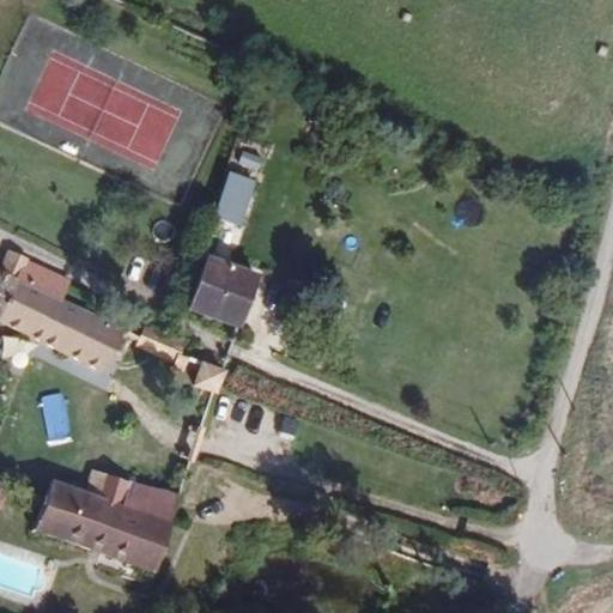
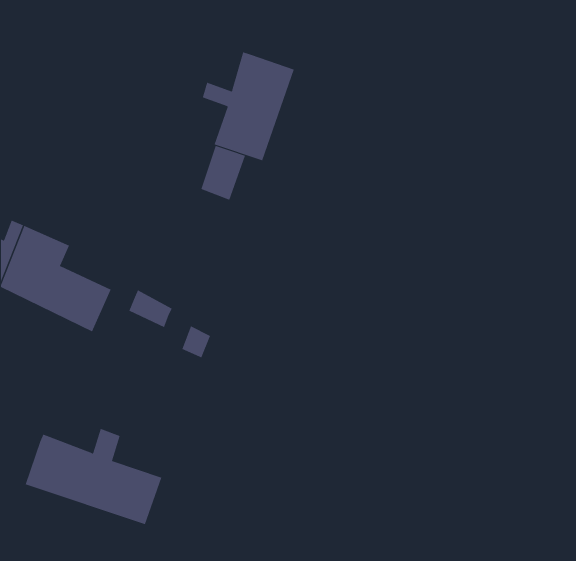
building: none -> [202,52,295,161]
building: [189,255,260,327] -> none
building: [120,479,180,523] -> none

